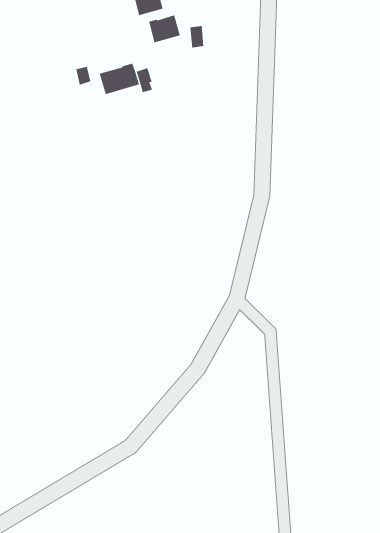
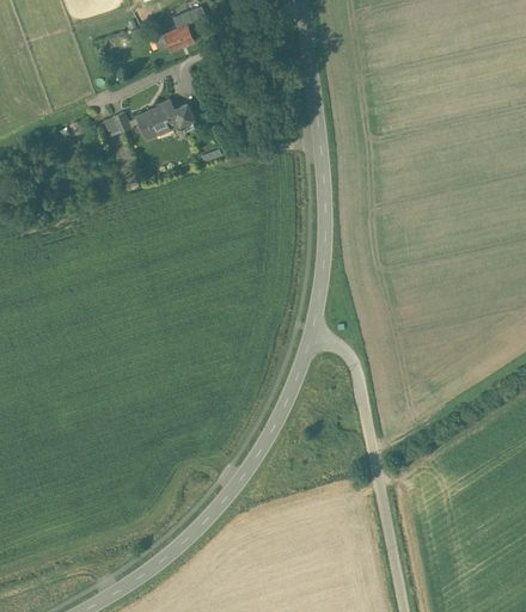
building: [148,15,180,43] -> none

